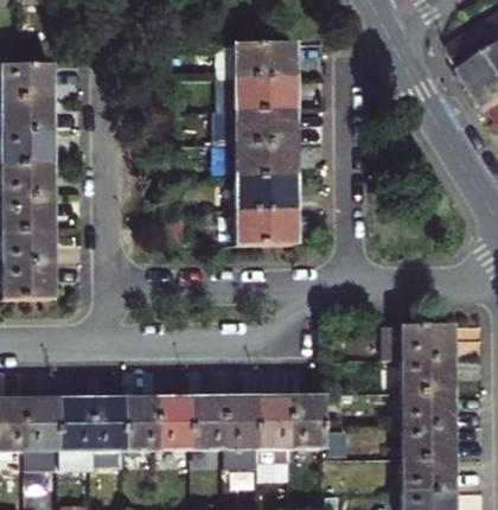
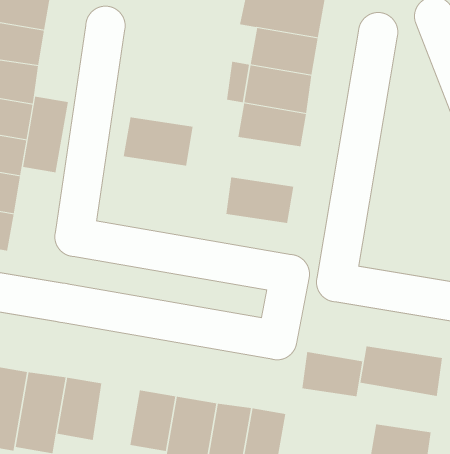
building: none -> [22,96,68,173]
building: [238,161,295,198] -> [123,117,194,166]
building: [401,358,452,391] -> [301,351,363,397]
building: [158,397,191,448] -> none

